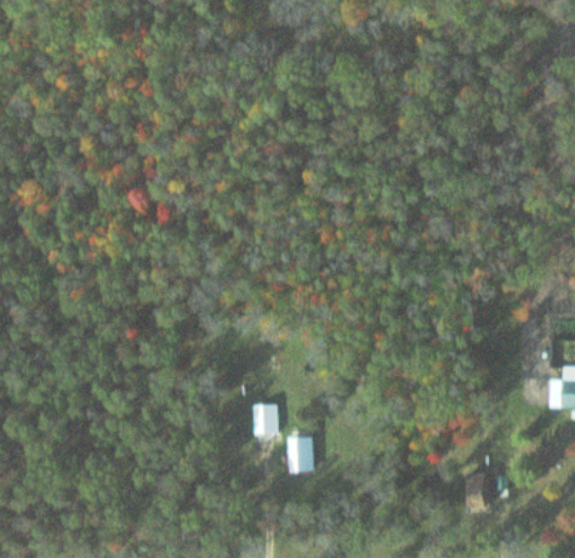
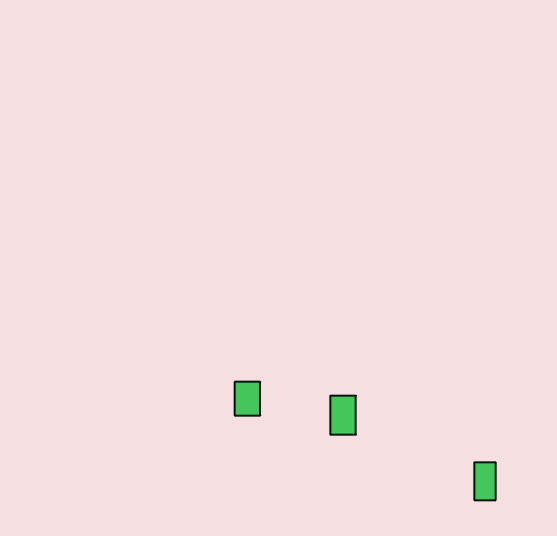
building: [289,435,312,471] -> [330,396,356,435]

